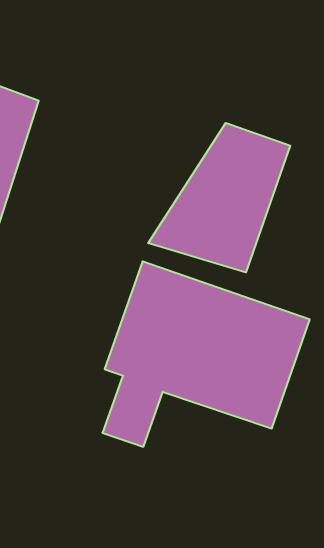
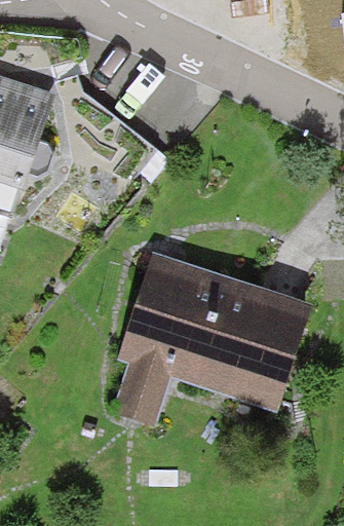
building: [148,123,290,272] -> none

